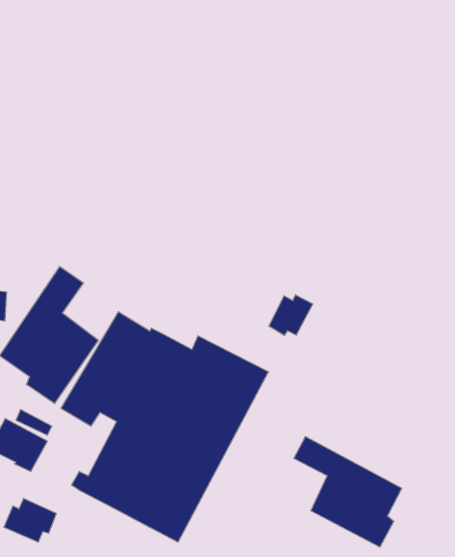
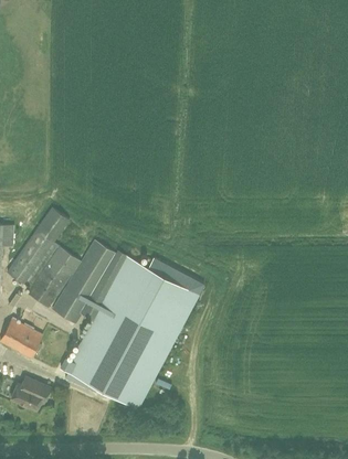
building: [269,295,313,335] -> none
building: [294,436,402,547] -> none

